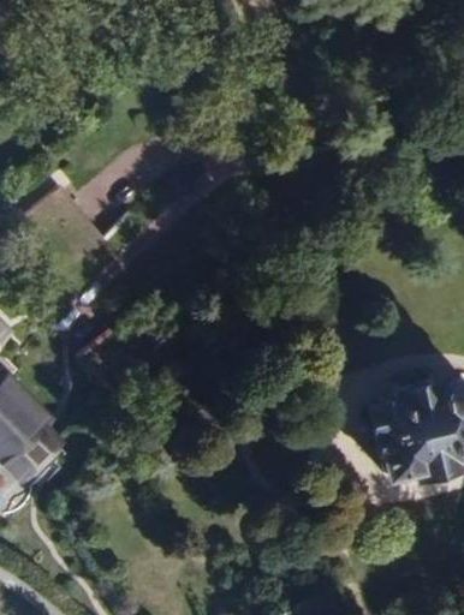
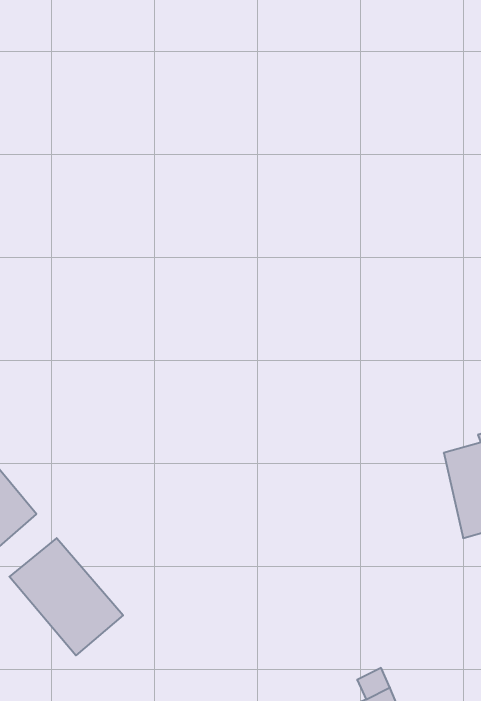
building: none -> [9,538,123,655]

